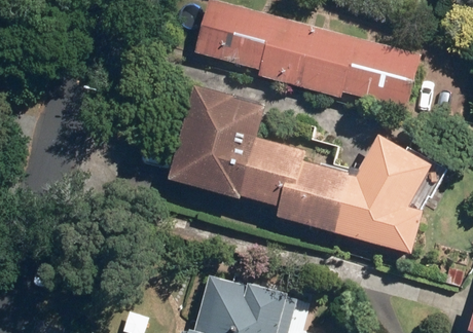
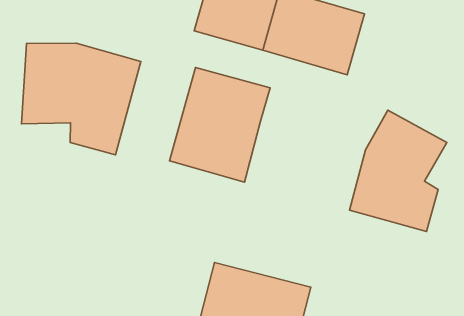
building: [338,39,419,116] -> none
building: none -> [22,43,141,155]
building: [240,142,356,227] -> none

